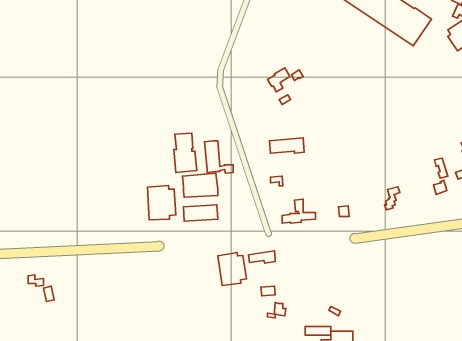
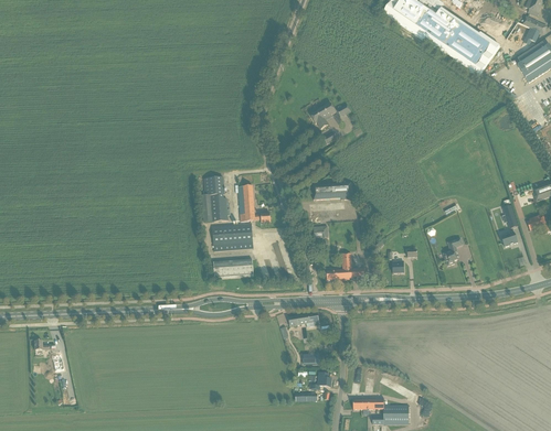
building: [147,186,176,220] -> none
building: [218,253,246,285] -> none

